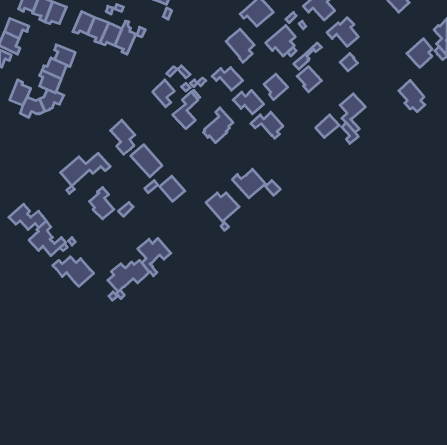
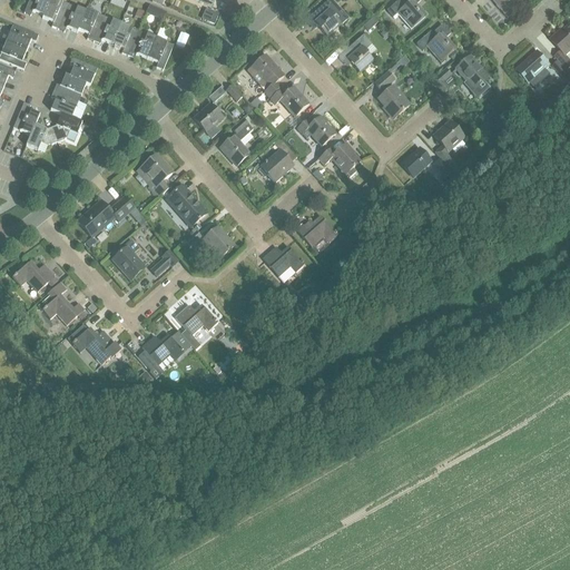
building: none -> [76,7,104,40]
building: [226,29,254,62] -> [247,53,283,96]
building: [264,74,288,100] -> none
building: [399,80,425,112] -> [455,53,489,94]

